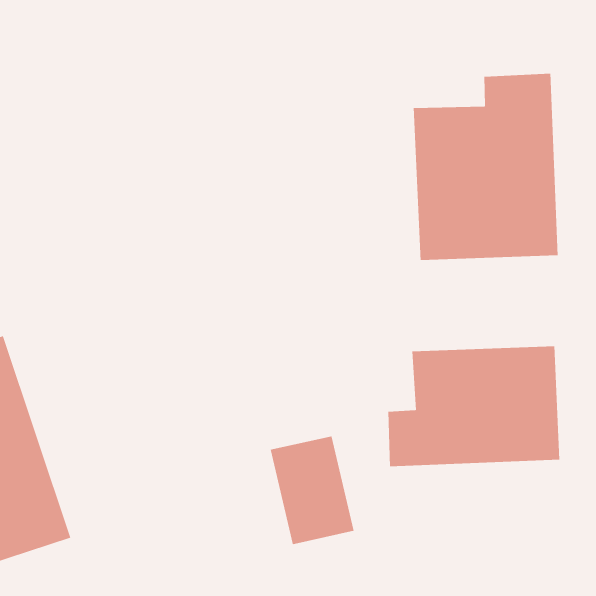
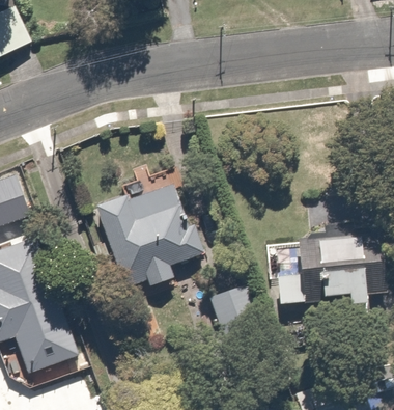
building: [413,73,558,261] -> none
building: none -> [86,196,198,289]

